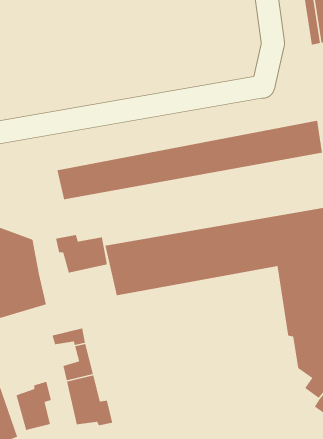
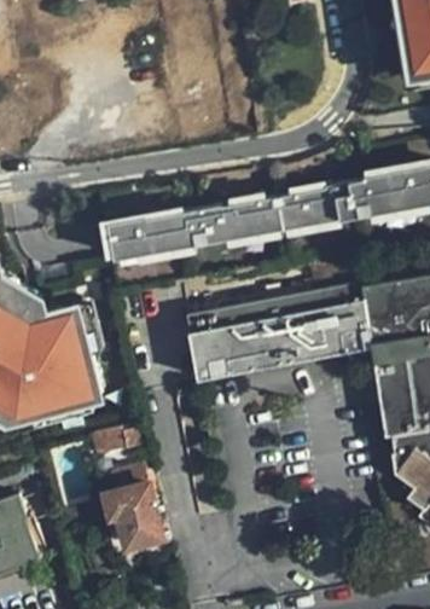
building: [55,234,108,274] -> none
building: [15,381,52,431] -> none

